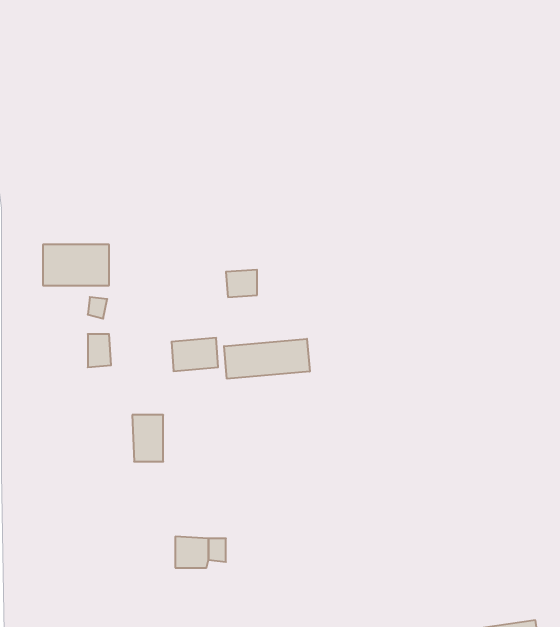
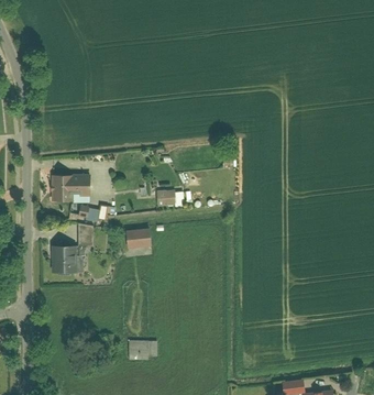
building: [224,339,310,379] -> none
building: [132,415,163,462] -> [58,248,76,274]

